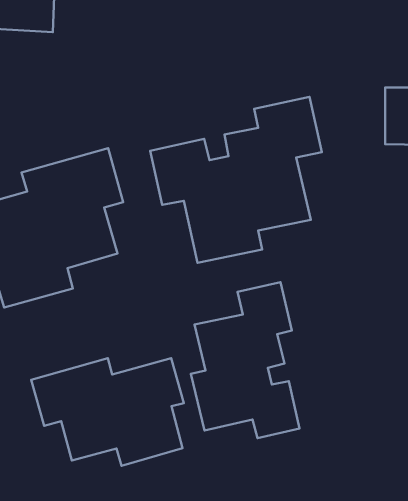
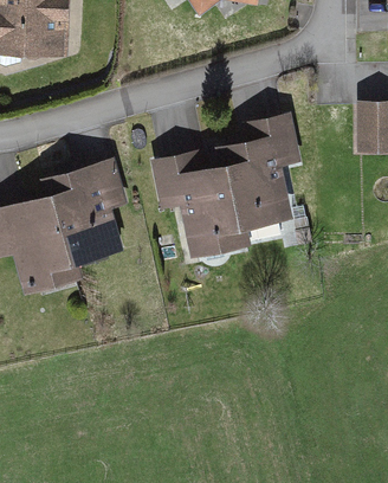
building: [191,282,299,438] -> none
building: [31,358,184,466] -> none

